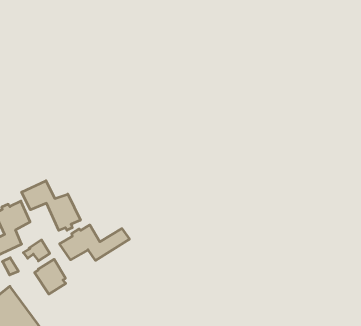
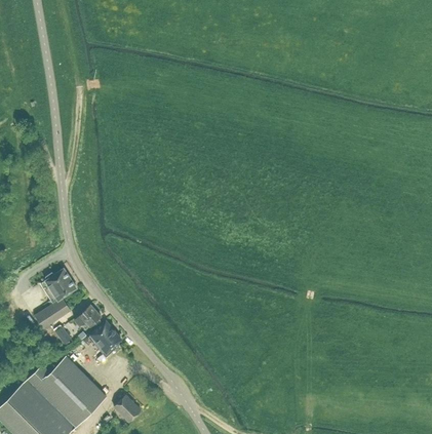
building: [22,181,80,230] -> none
building: [60,225,129,260] -> none

